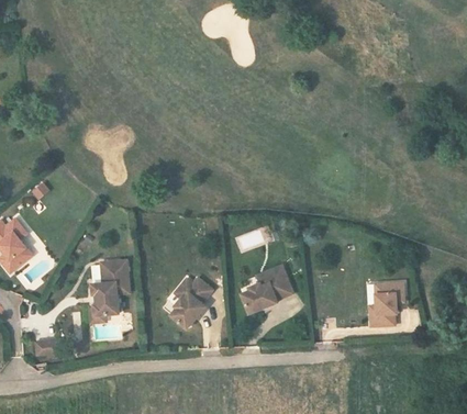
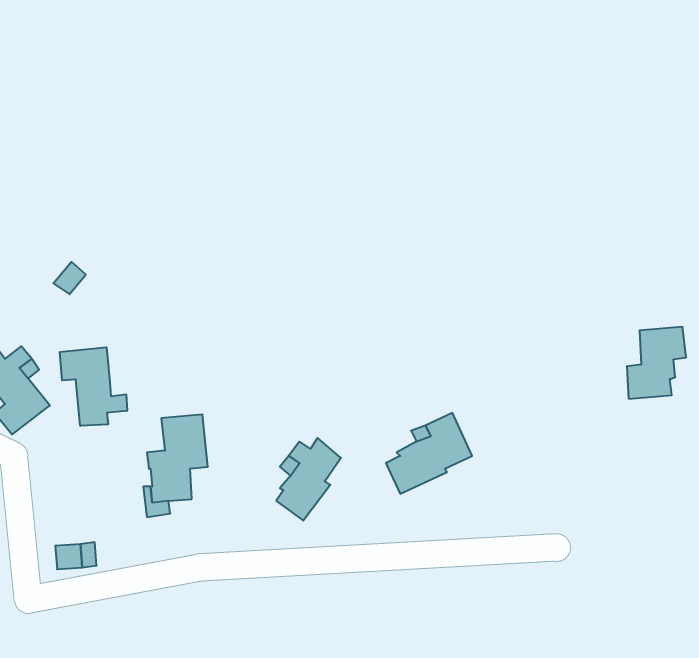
building: none -> [60,347,127,426]
building: [360,277,397,321] -> [627,327,686,399]

